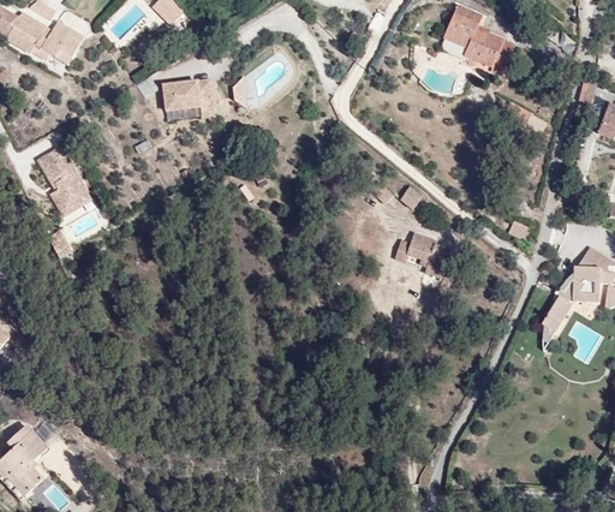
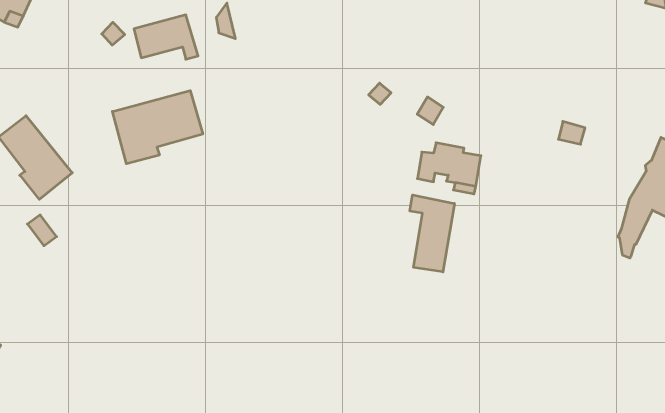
building: none -> [112,91,203,164]
building: none -> [410,195,454,272]

